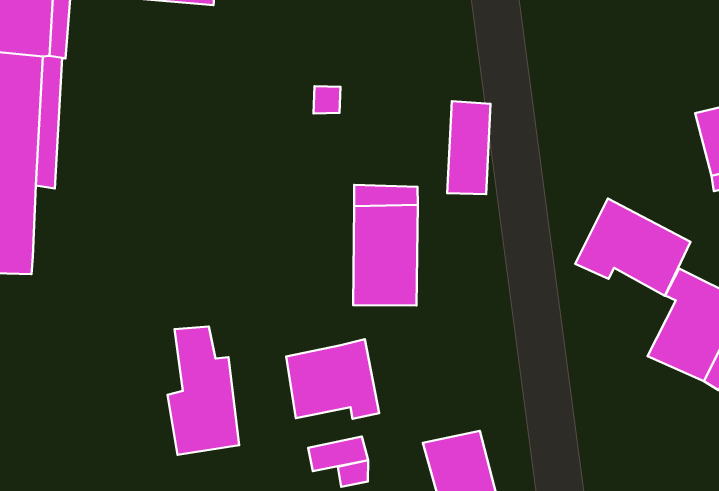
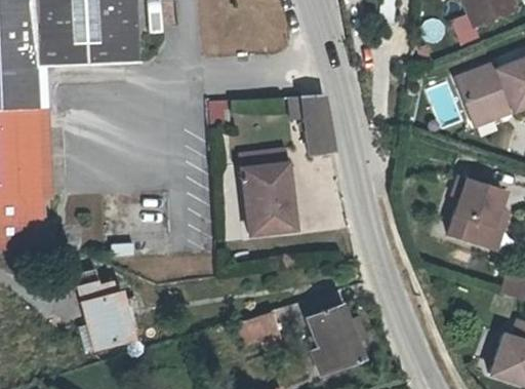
building: [575,198,690,296] -> none
building: [167,327,239,455] -> [81,268,133,352]
building: [286,339,379,419] -> none

